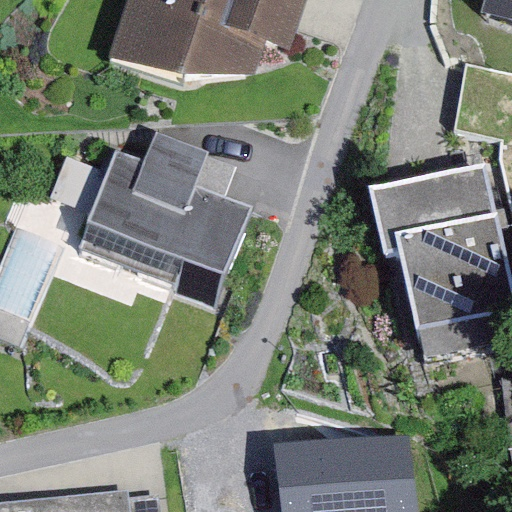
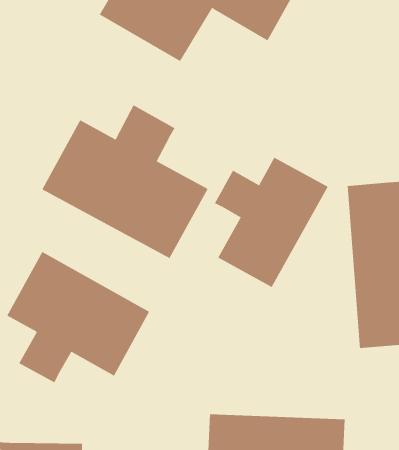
building: none -> [214,157,329,288]
building: none -> [6,251,150,383]

